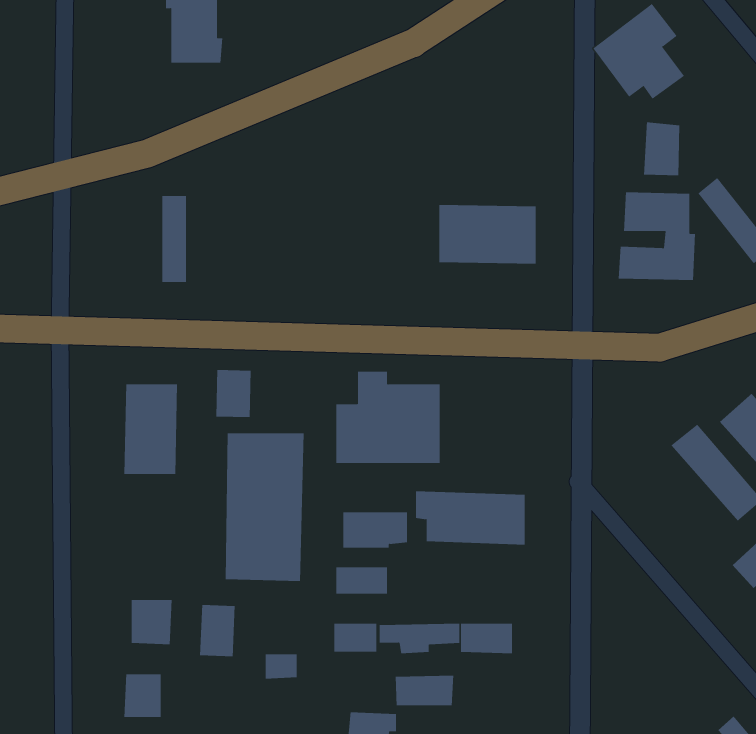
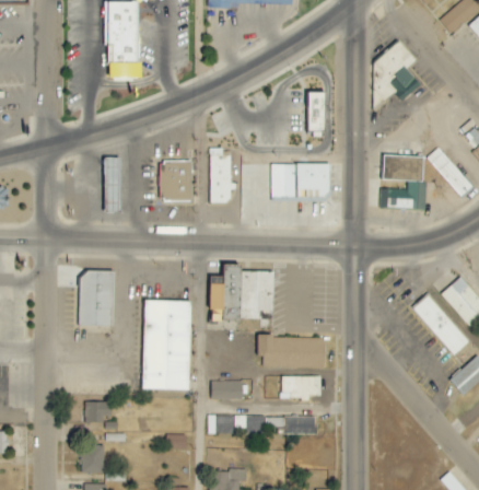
building: none -> [307,92,325,135]
building: [644,122,680,176] -> none
building: none -> [209,148,232,201]
building: none -> [159,161,190,200]
building: [216,369,251,418] -> none
building: [343,512,408,548] -> [281,376,320,398]
building: [200,604,235,657] -> none
building: [395,675,454,706] -> none

